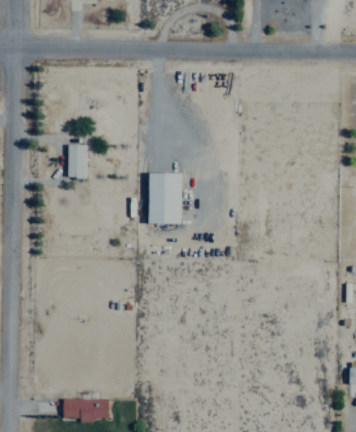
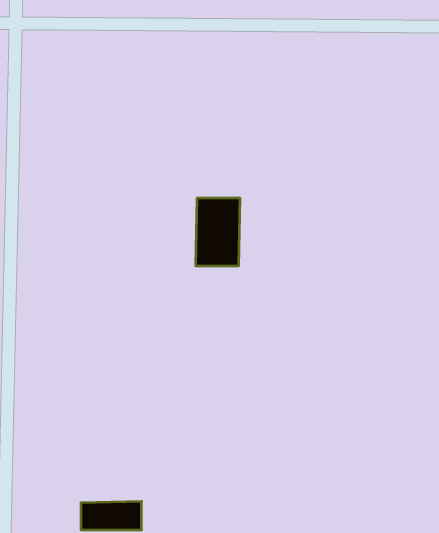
building: [68,145,87,178] -> none

